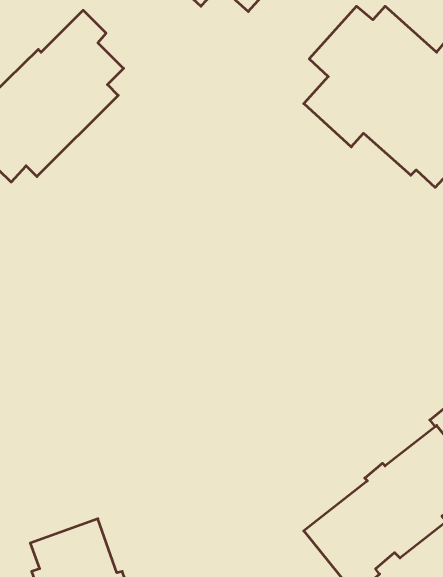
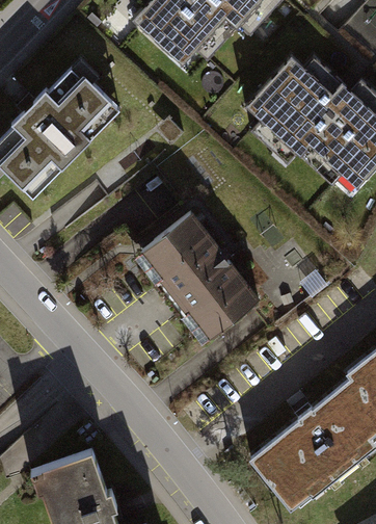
building: none -> [142,213,260,339]

